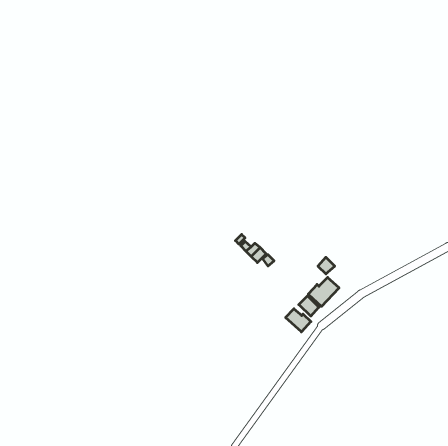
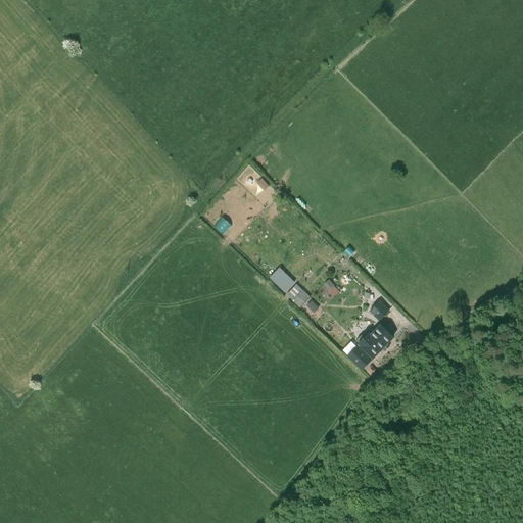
building: [286,309,311,332] -> none

